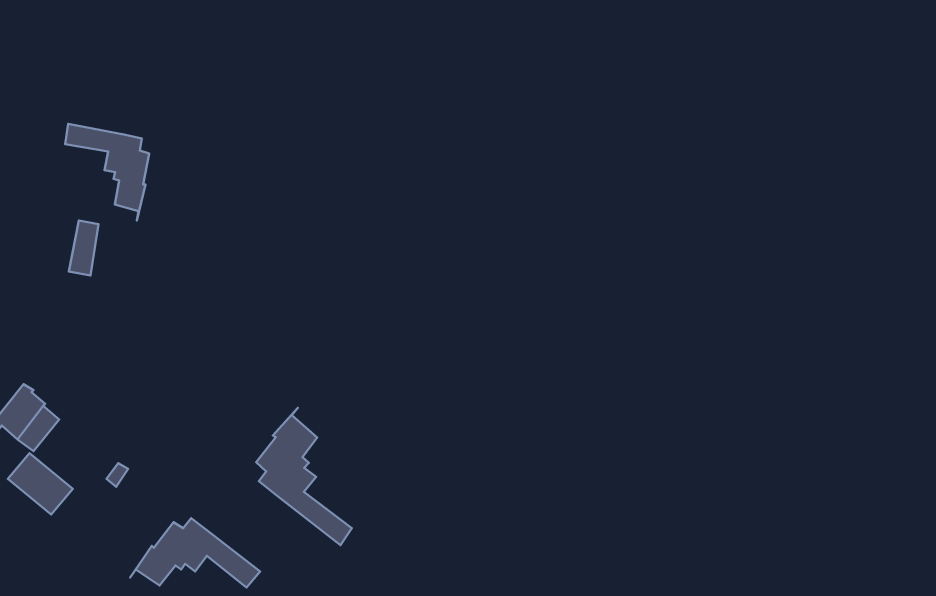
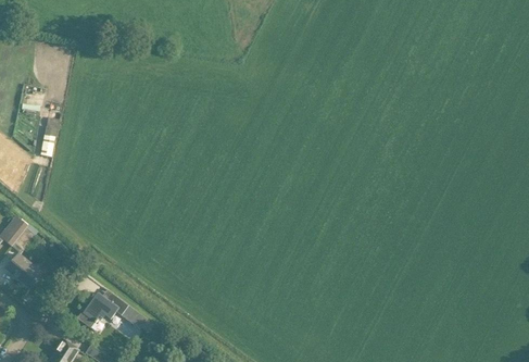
building: [65,124,149,221] -> none
building: [256,408,352,545] -> none

